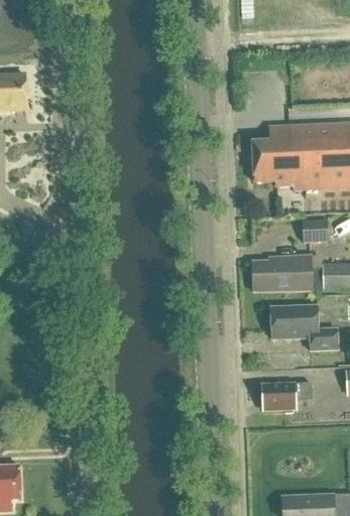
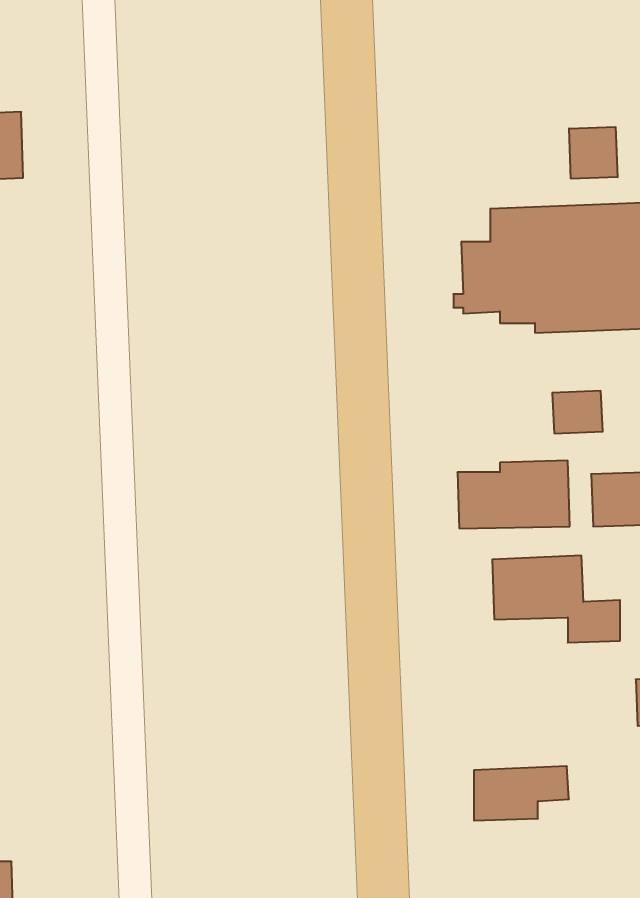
building: none -> [569,127,618,179]
building: [262,382,312,410] -> [474,766,569,821]

